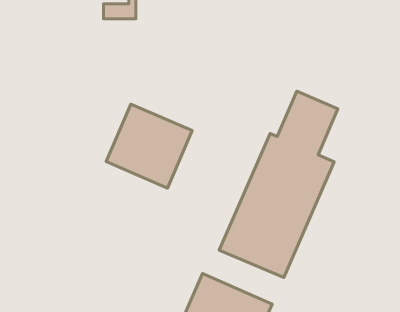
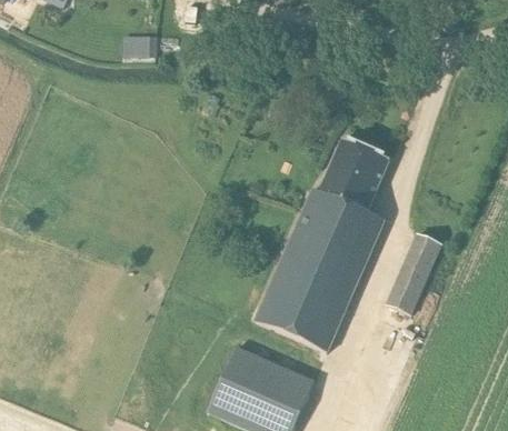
building: [106,104,192,188] -> none
building: none -> [386,233,440,315]

